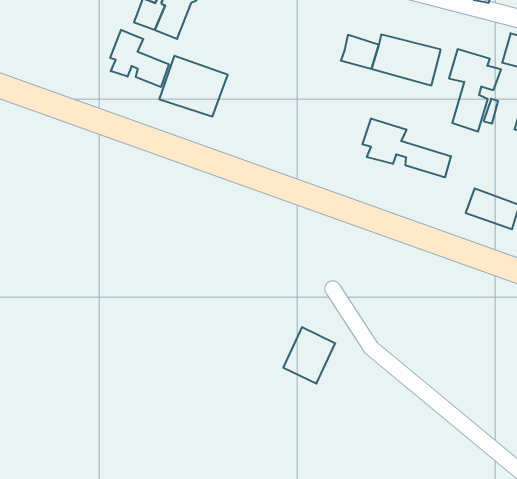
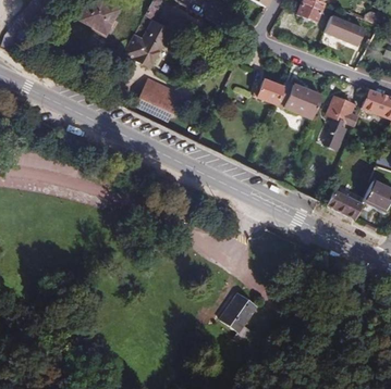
building: [110,30,169,87] -> none
building: [362,118,451,177] -> none
building: [283,327,335,384] -> [220,290,256,328]

